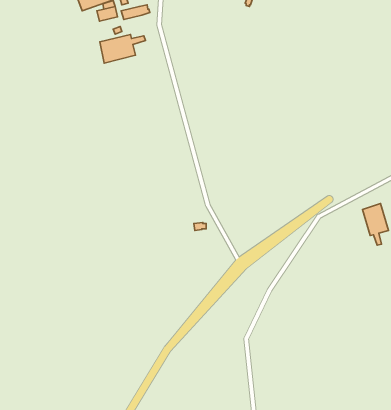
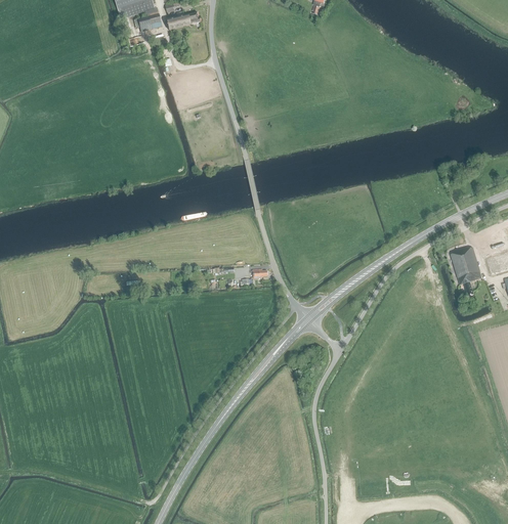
building: [100,35,146,63] -> none

